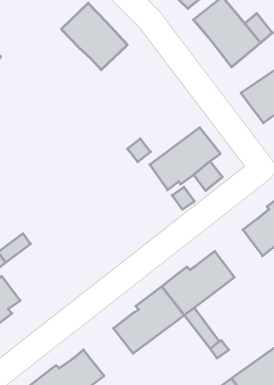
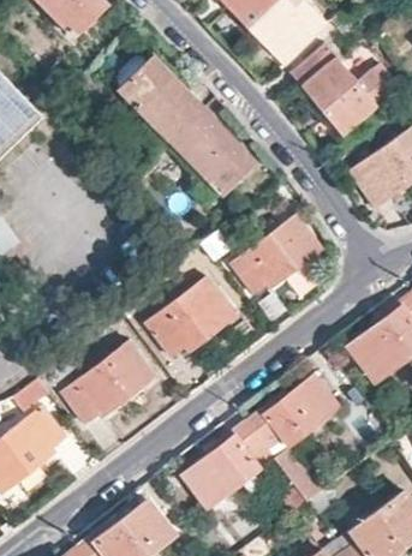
building: none -> [169,107,256,193]
building: none -> [148,277,237,357]
building: none -> [62,339,156,422]

